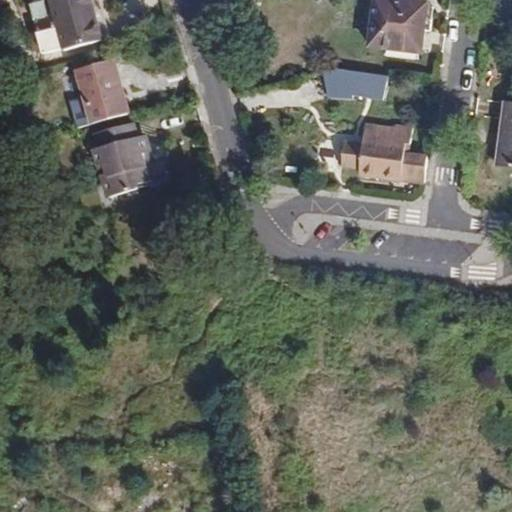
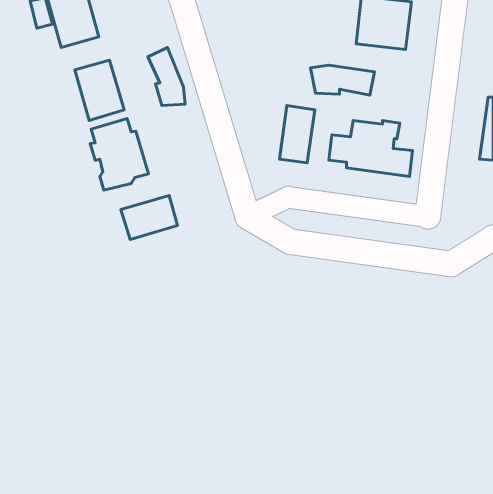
building: none -> [148,48,185,105]
building: none -> [279,105,315,163]
building: none -> [121,195,178,239]

